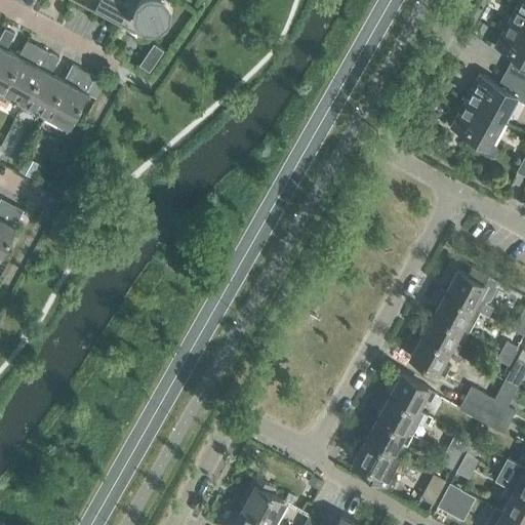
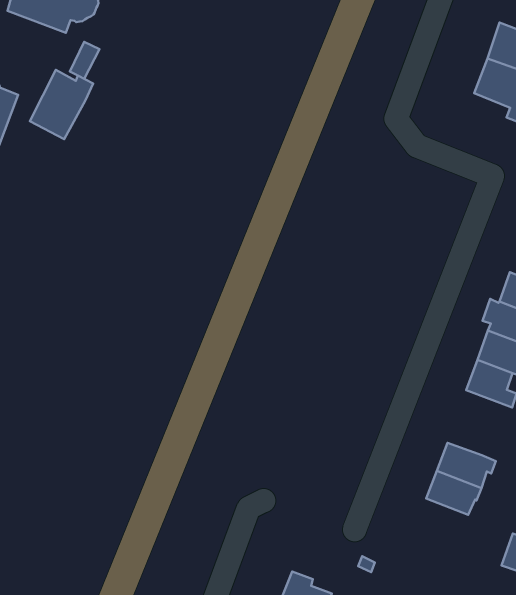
building: none -> [30,70,93,139]
building: [392,374,437,411] -> none
building: [356,439,400,491] -> none

